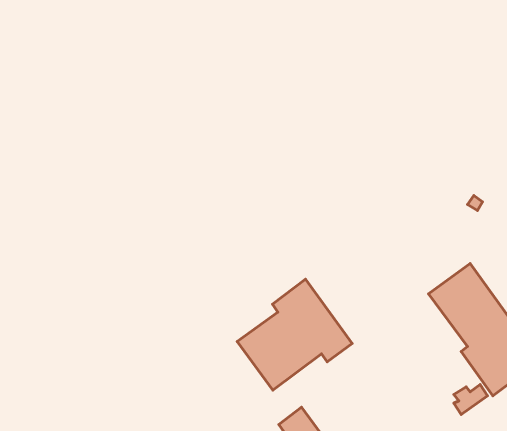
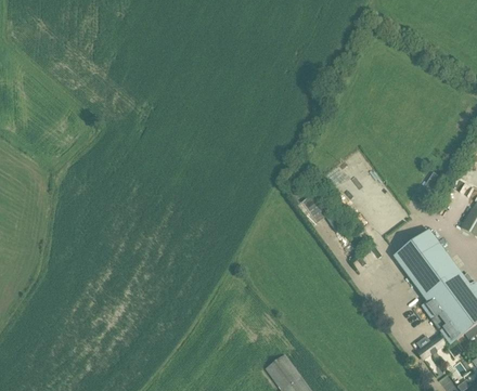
building: [237,279,352,390] -> none

